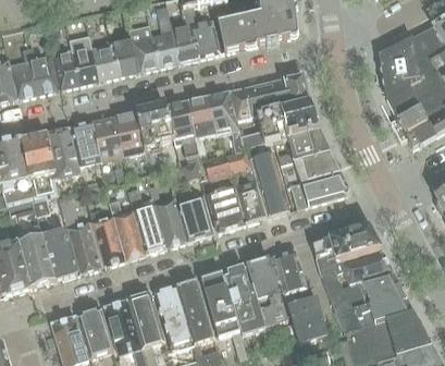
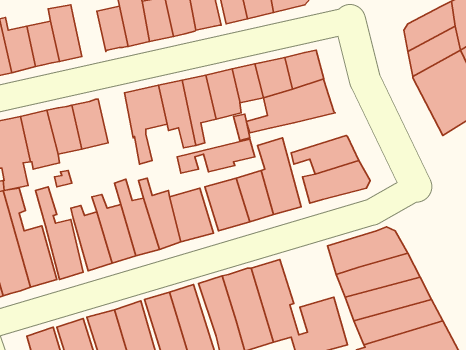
building: [91,40,120,80] -> none
building: [113,111,144,155] -> none
building: [277,129,329,163] -> none
building: [271,248,307,294] -> none

